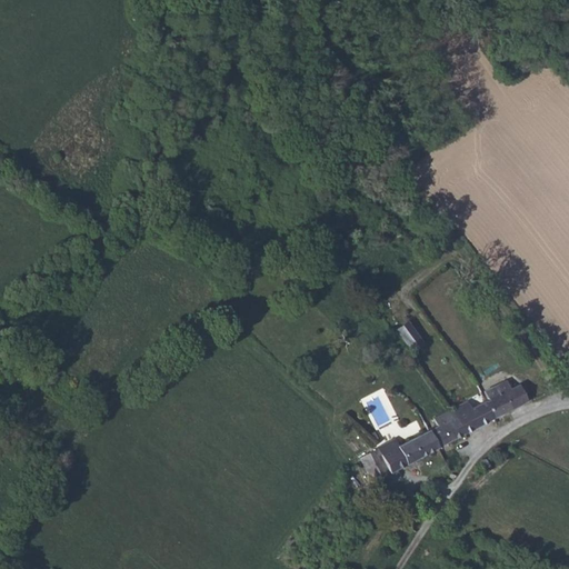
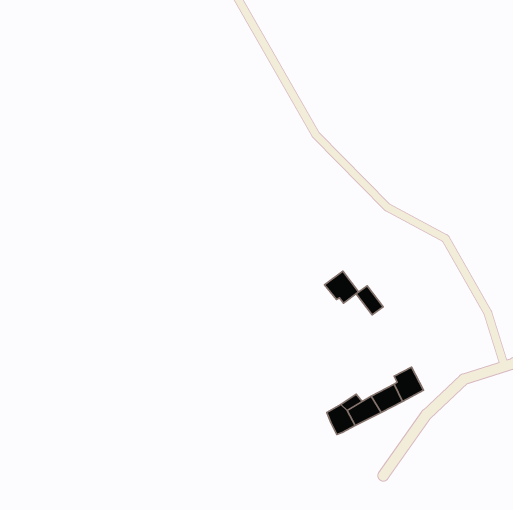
building: none -> [324,271,359,303]
building: [456,381,529,431] -> none

